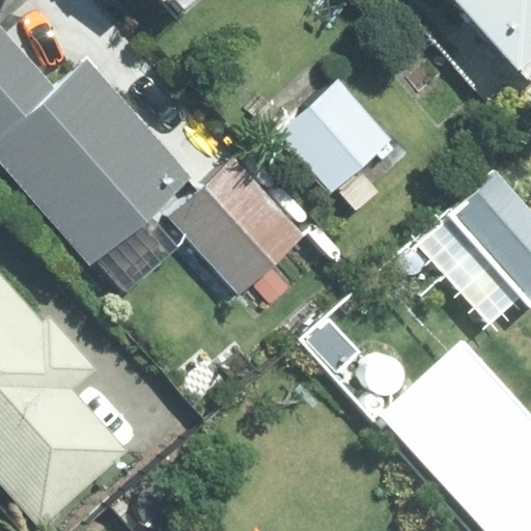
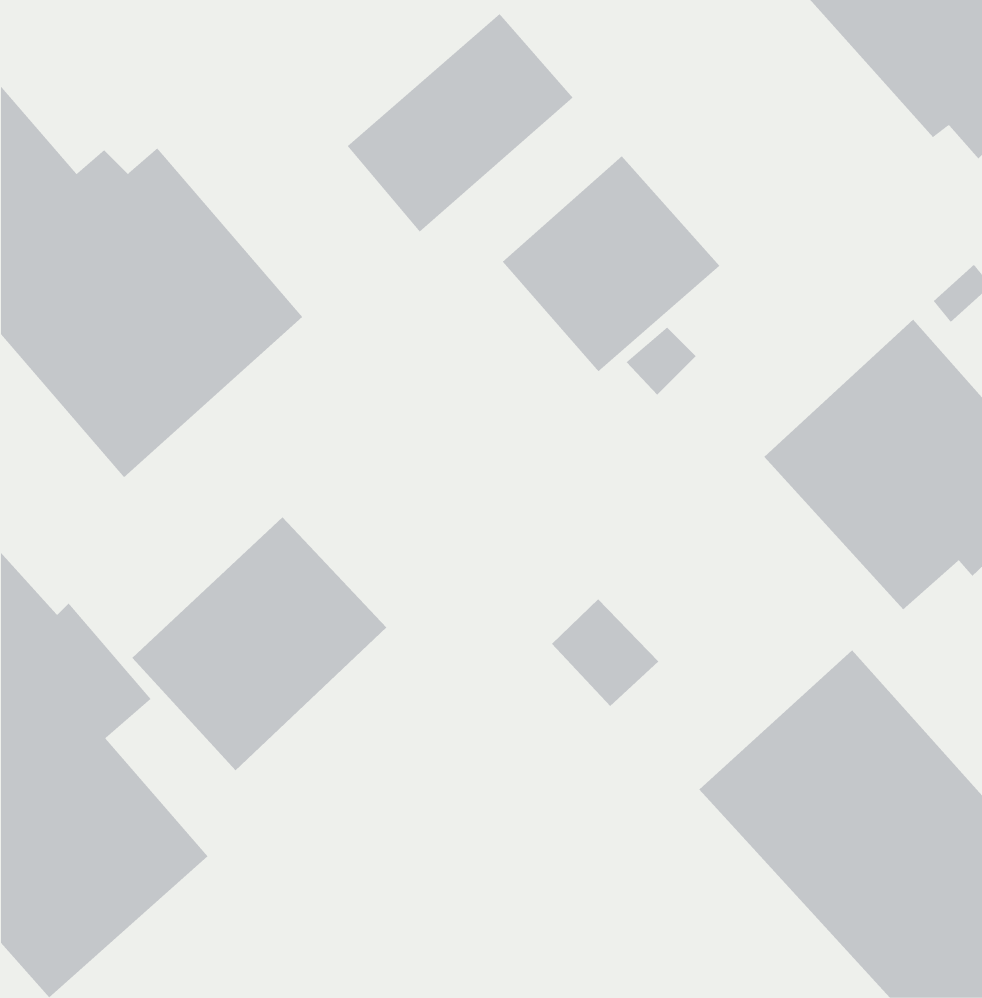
building: none -> [347,13,573,232]
building: [171,157,306,294] -> none
building: none -> [131,517,387,771]

